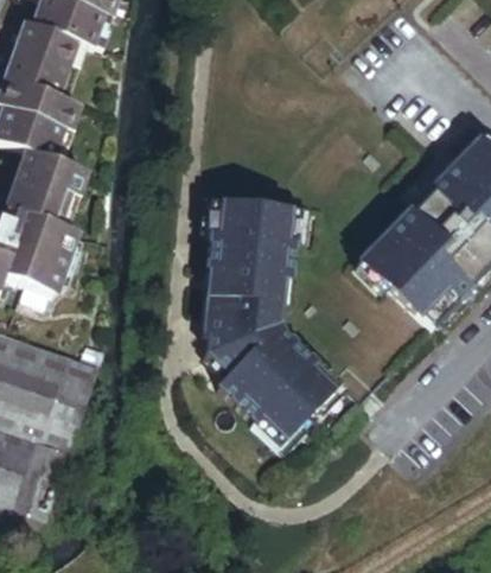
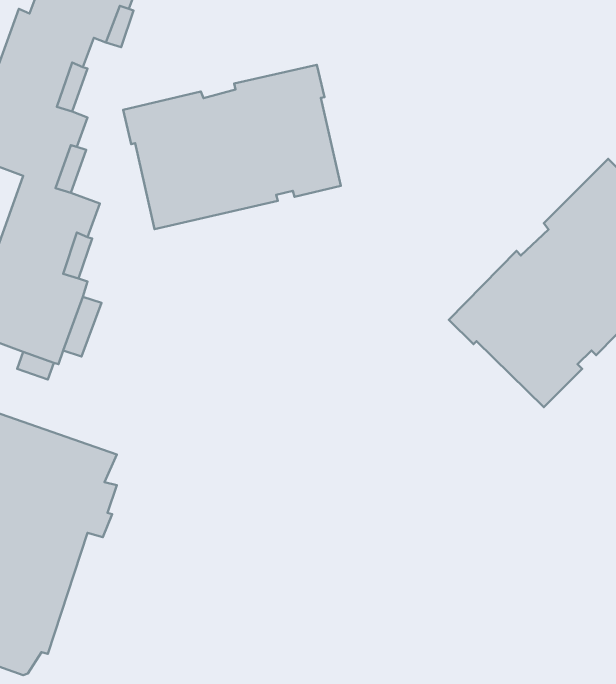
building: none -> [123,65,341,229]
building: [199,196,340,445] -> none

